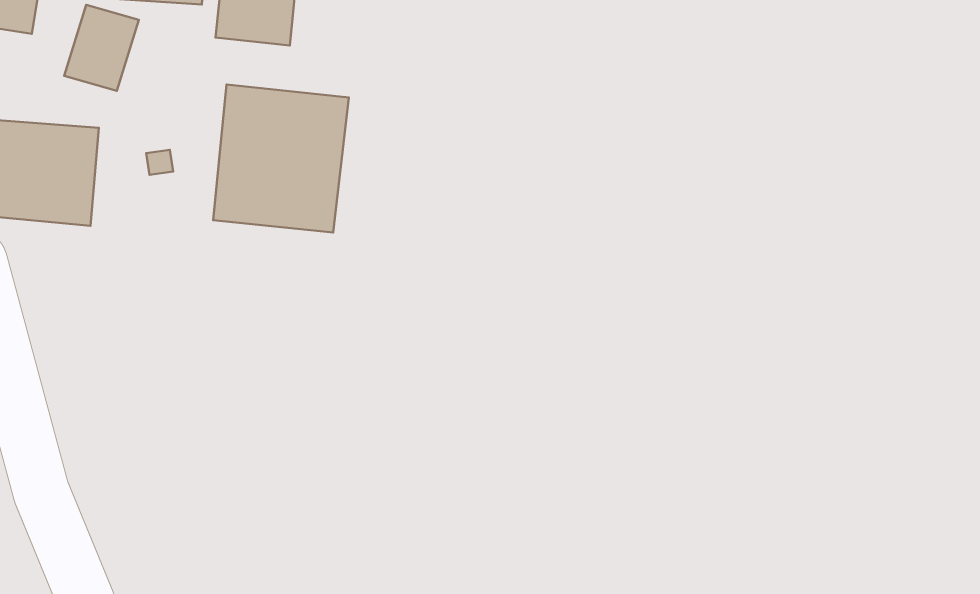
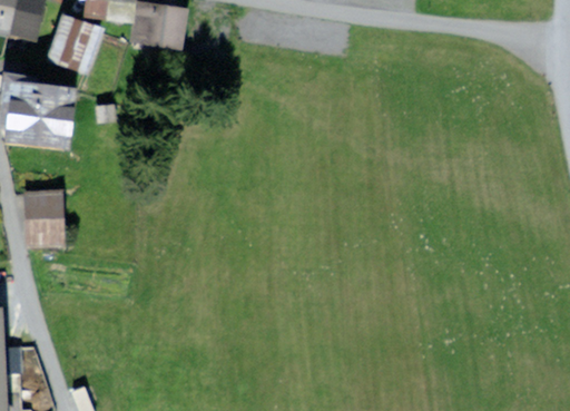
building: [213,84,349,232] -> none
building: none -> [26,195,63,237]

